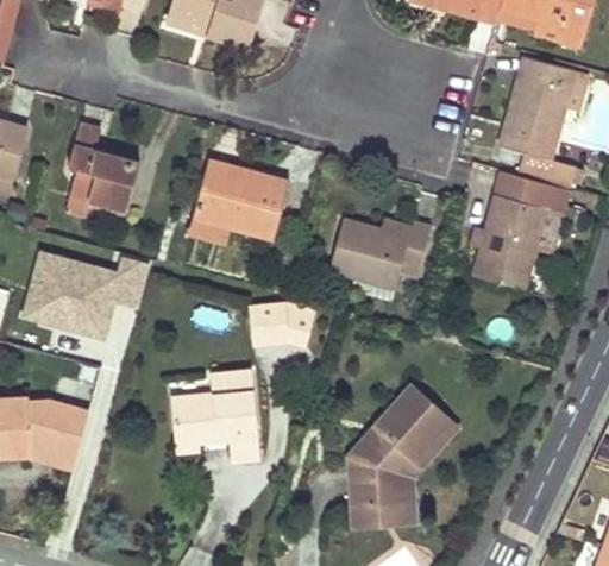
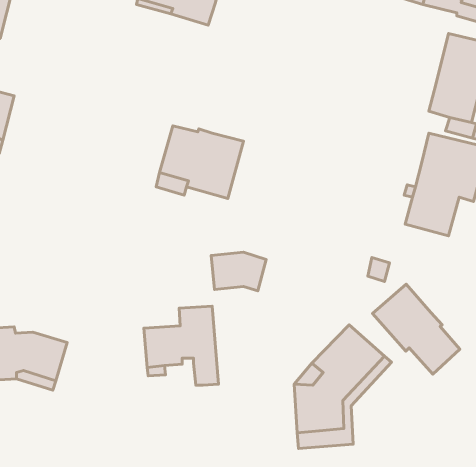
building: [68,121,138,208] -> none
building: [329,218,429,287] -> none
building: [23,253,147,335] -> none
building: none -> [373,284,460,374]

